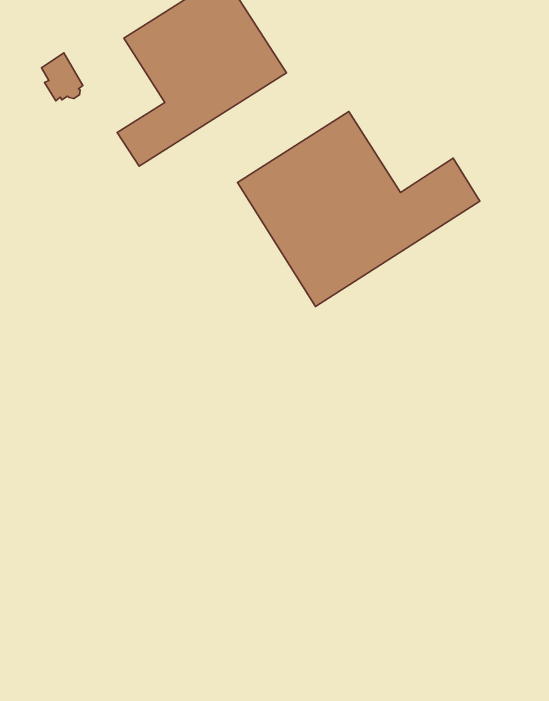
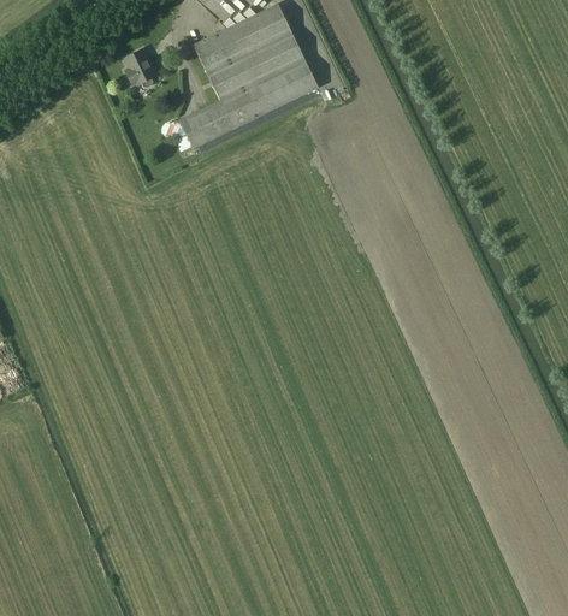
building: [237,111,480,307] -> none

